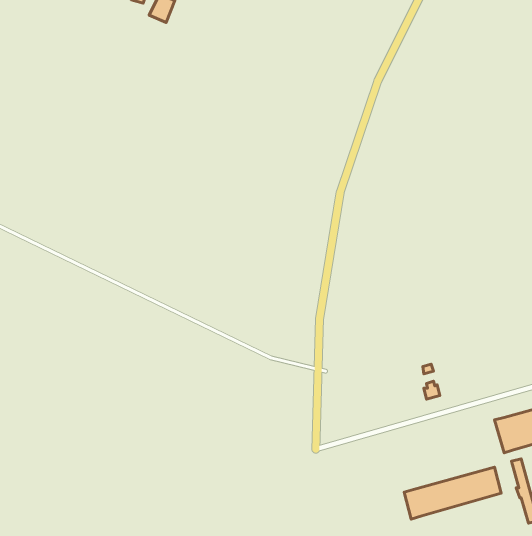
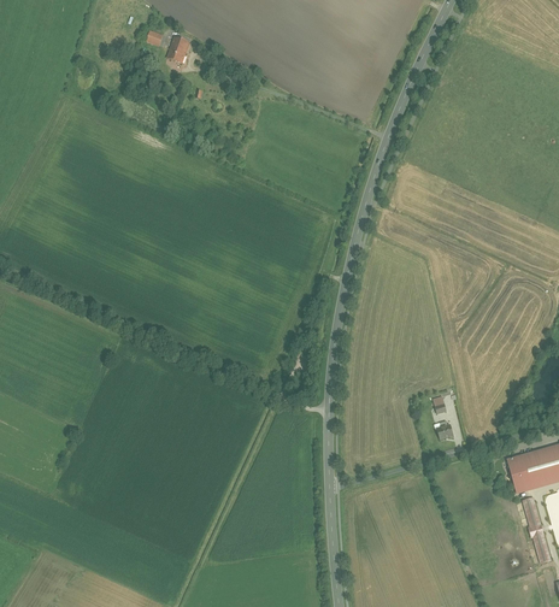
building: [404,467,501,519] -> none

